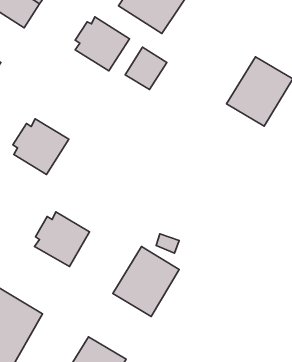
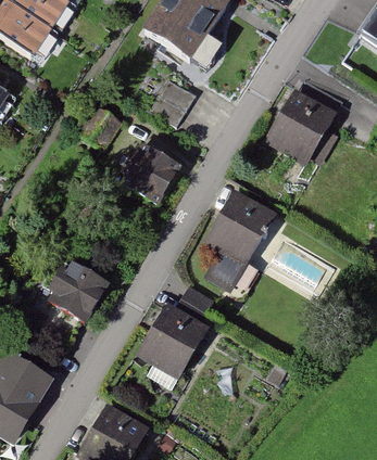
building: [75,17,129,71] -> none
building: [13,119,69,175] -> [118,143,181,206]
building: none -> [203,188,277,291]

